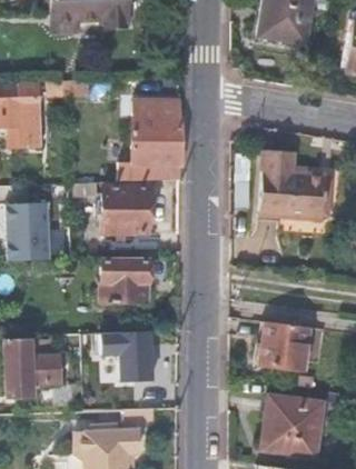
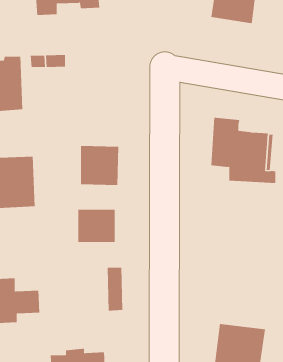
building: [122,100,182,182] -> none
building: [261,319,309,371] -> none
building: [102,329,137,381] -> none

